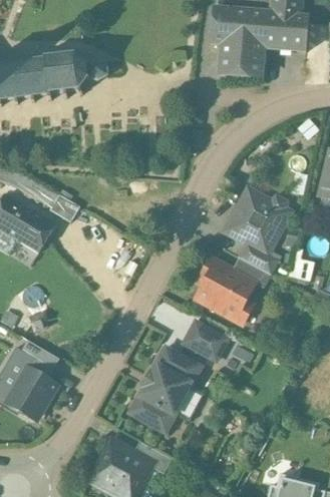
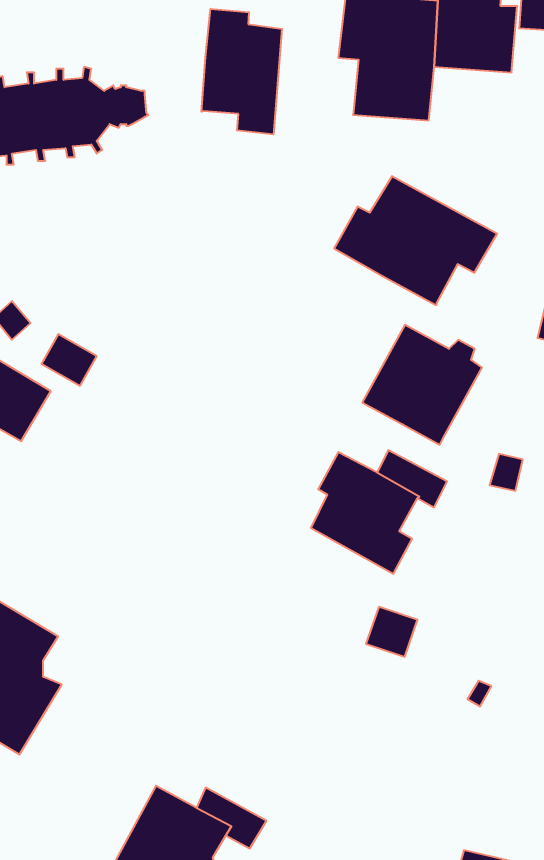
building: none -> [201,9,282,134]
building: none -> [334,176,497,305]
building: [239,241,281,273] -> none
building: [184,320,217,353] -> none
building: [128,345,203,432] -> none

